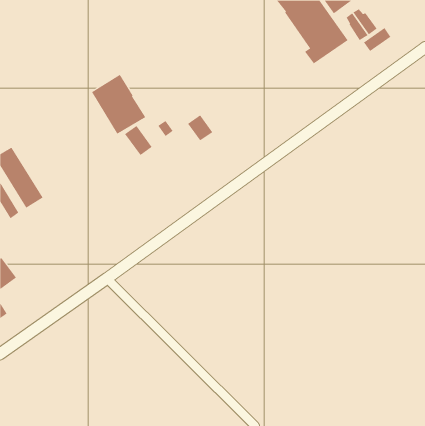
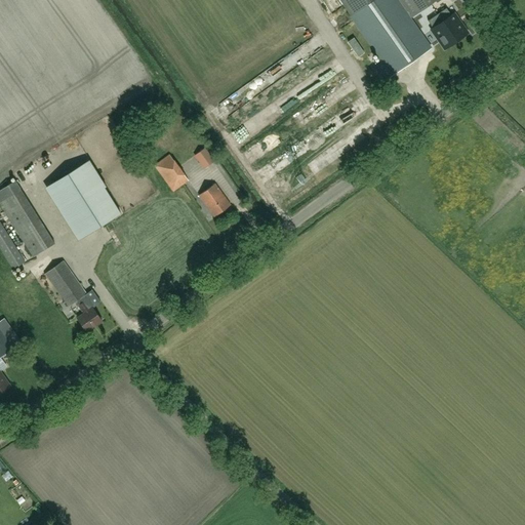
building: [363,27,391,52] -> none
building: [91,74,146,135] -> [52,160,120,235]
building: [187,115,213,141] -> [198,184,230,216]
building: none -> [44,260,100,331]

